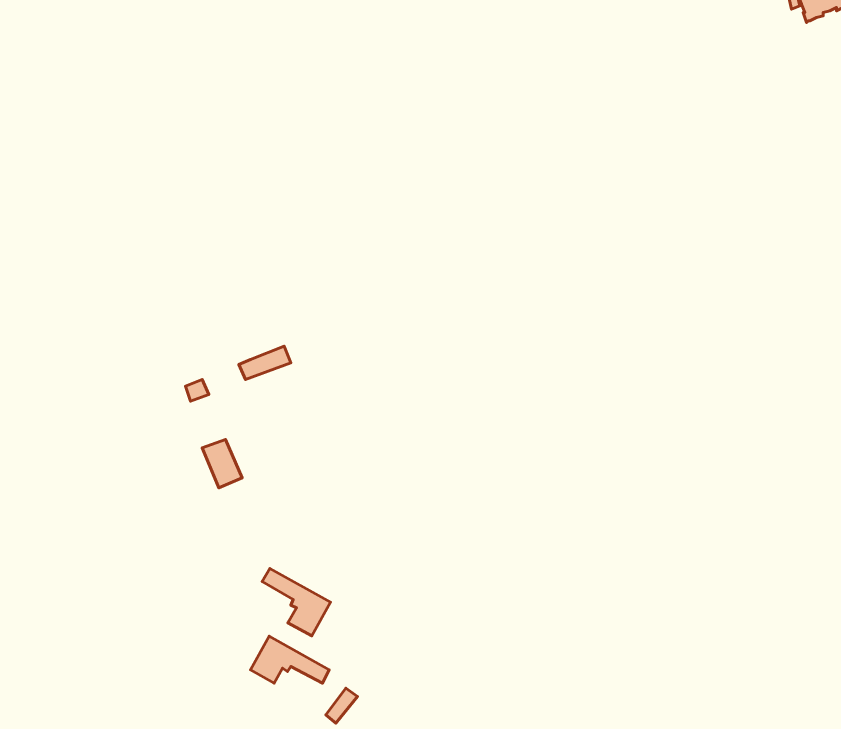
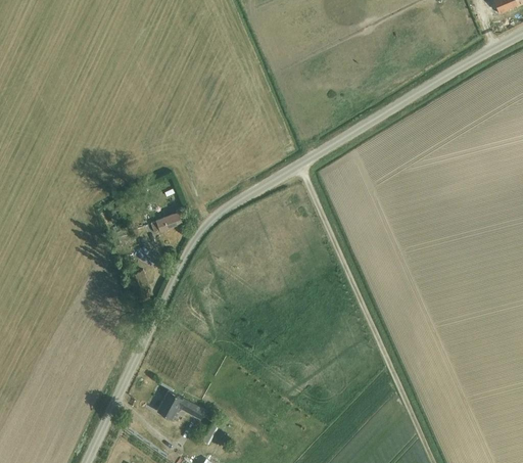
building: [262,569,331,636] -> none

